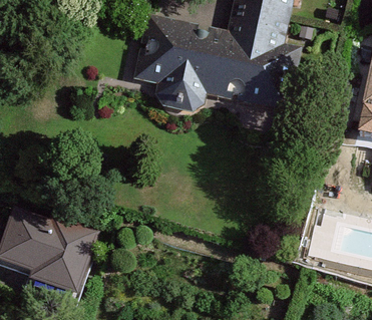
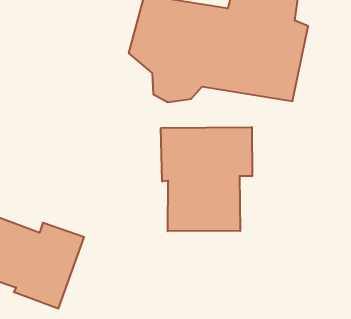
building: none -> [161,127,252,231]

